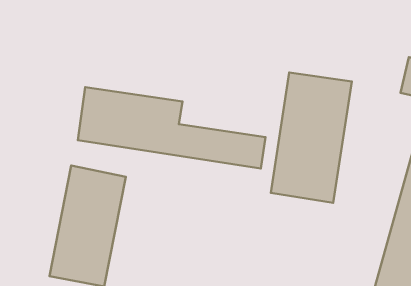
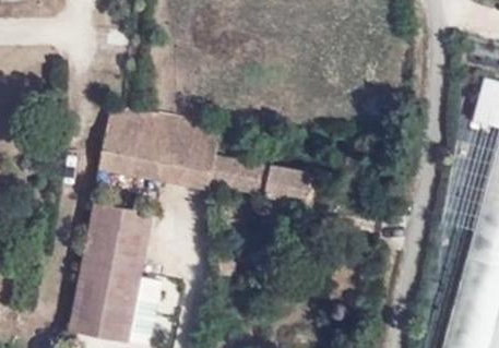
building: [271,73,352,203] -> none

